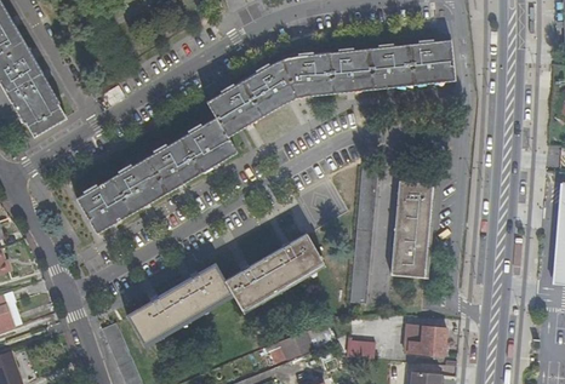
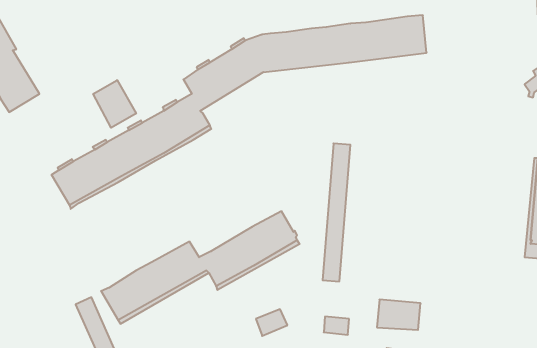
building: [226,76,452,137] -> none
building: none -> [93,80,136,128]
building: [388,183,432,279] -> none

